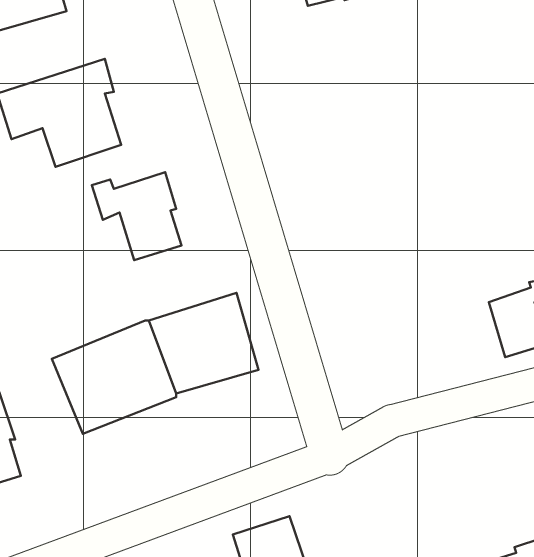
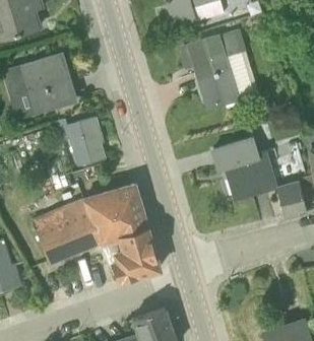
building: none -> [182,31,245,108]
building: none -> [213,139,276,197]
building: none -> [102,226,160,281]

